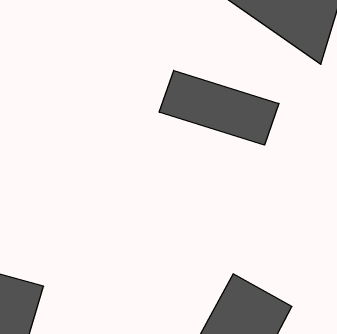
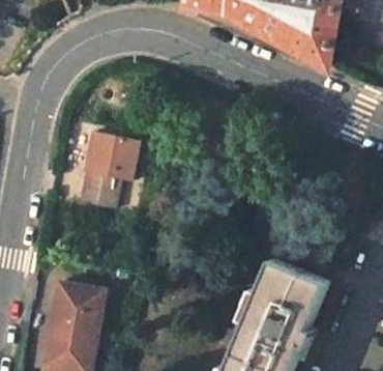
building: [159,70,279,145] -> none
building: none -> [78,130,139,207]

